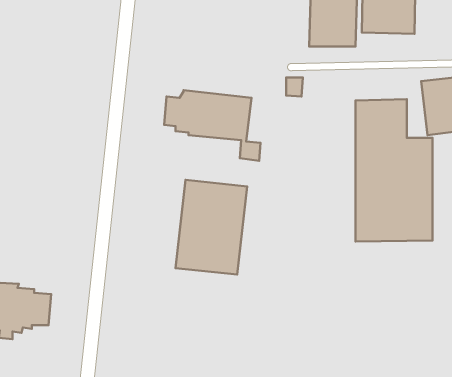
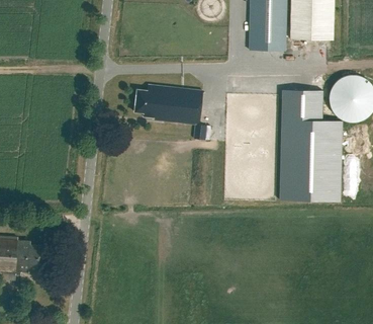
building: [175,180,247,275] -> none

